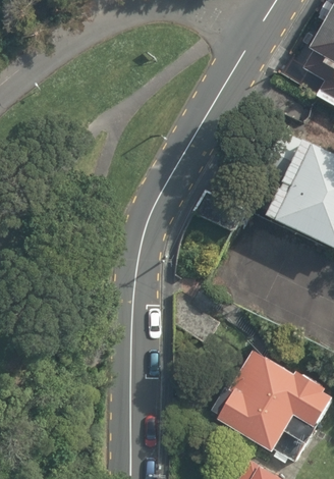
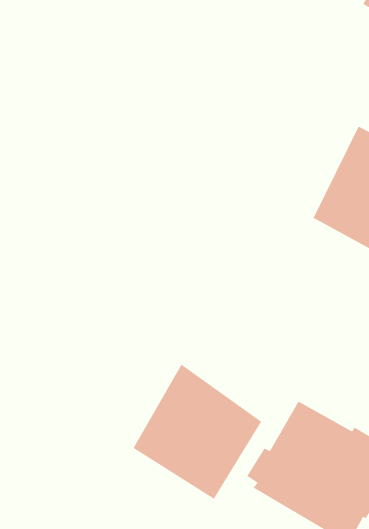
building: none -> [133,364,262,500]

